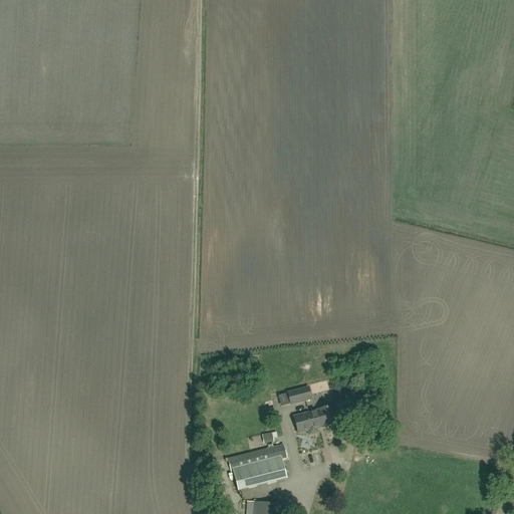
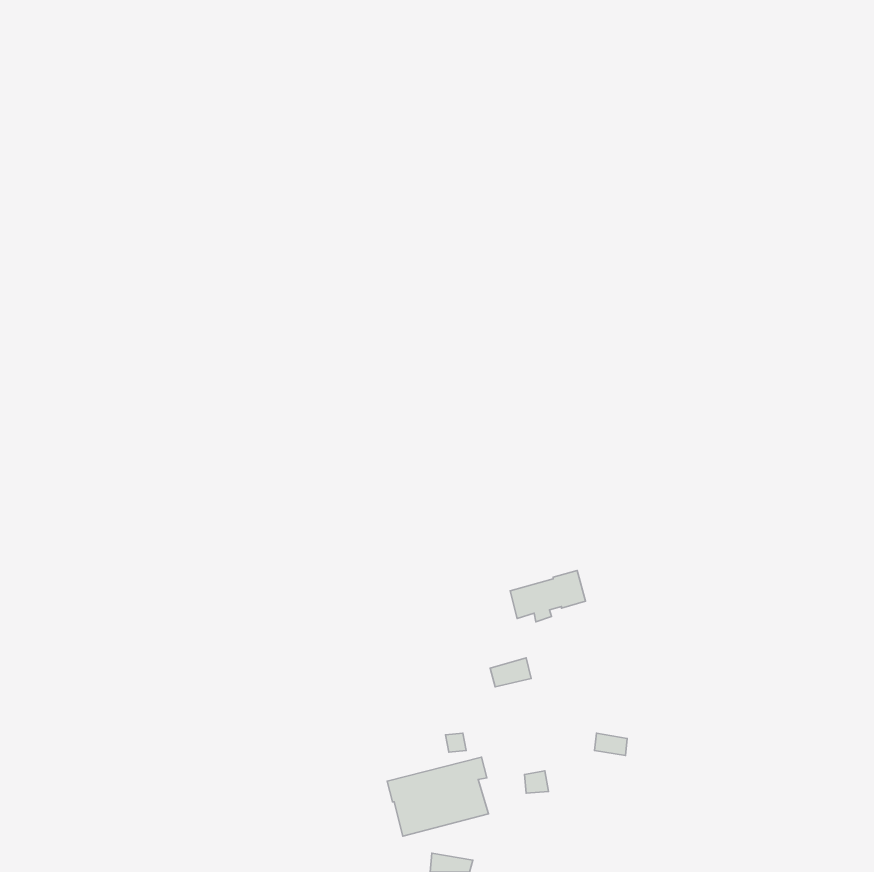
building: [293,404,337,434] -> [510,570,586,622]

